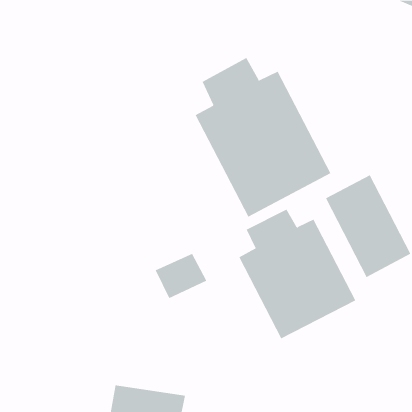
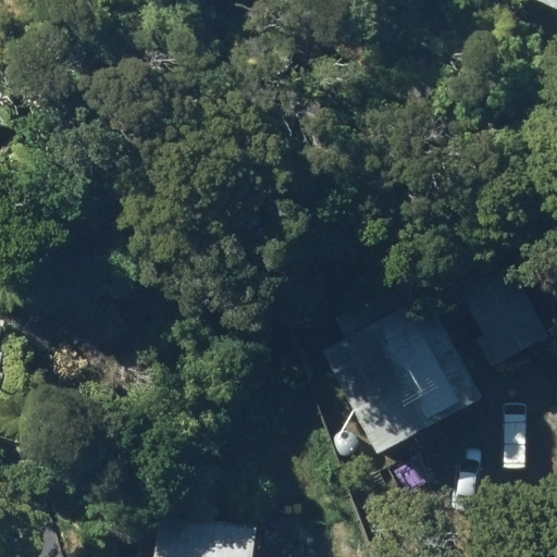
building: [195,57,331,217] -> none

